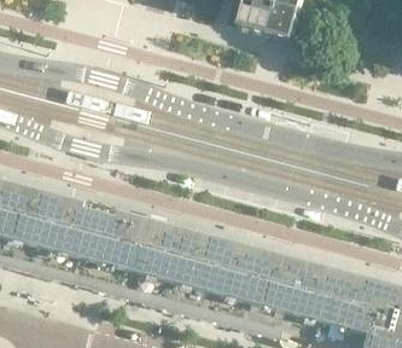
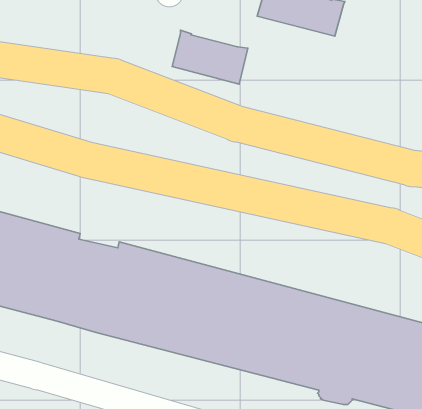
building: none -> [172,30,248,84]

